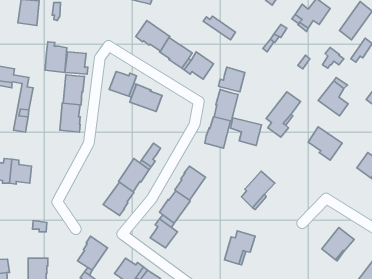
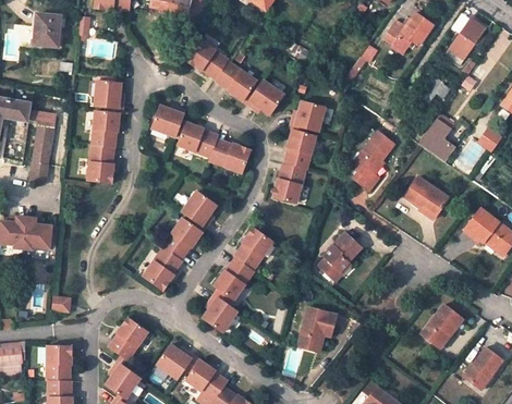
building: [45,42,67,73] -> none
building: none -> [209,139,251,173]
building: [230,118,262,145] -> none

